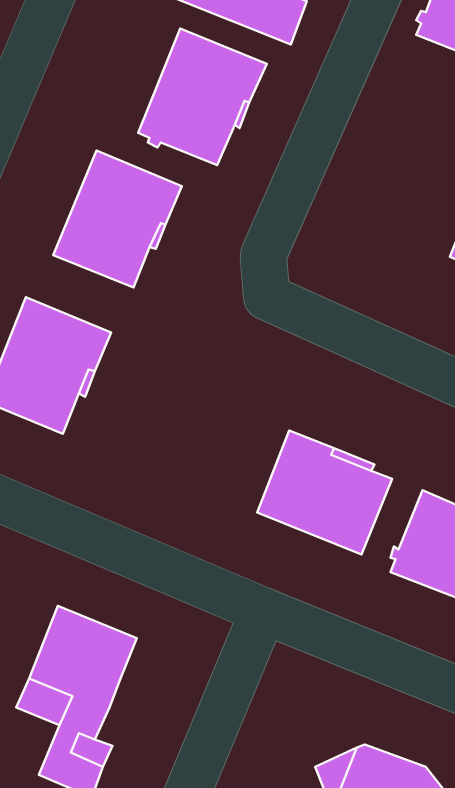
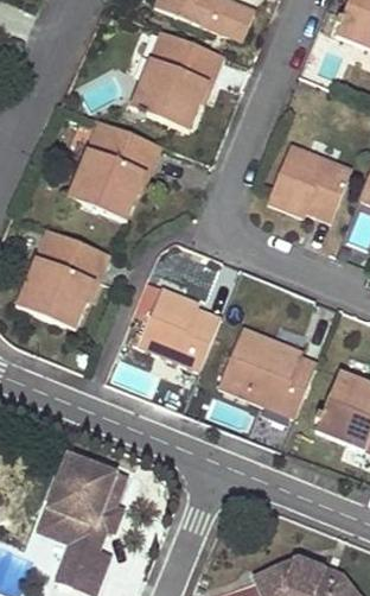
building: none -> [267,144,351,222]
building: none -> [138,287,221,370]

